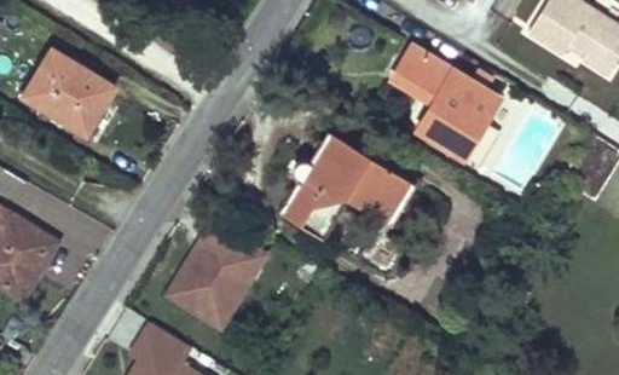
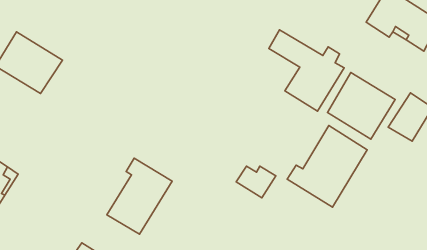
building: none -> [328,73,395,139]
building: [280,138,415,235] -> none
building: none -> [287,126,367,207]

